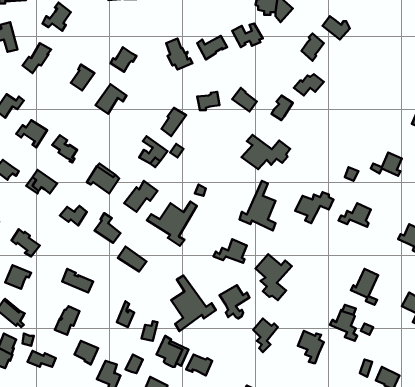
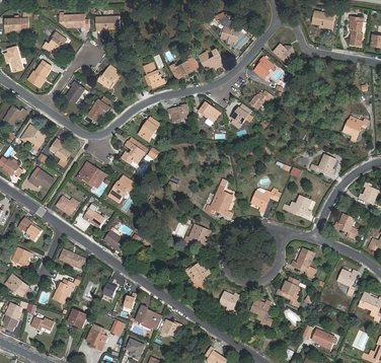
building: [242,135,290,169] -> none
building: [147,201,197,246] -> none
building: [256,254,292,300] -> none
building: [171,275,216,331] -> none

